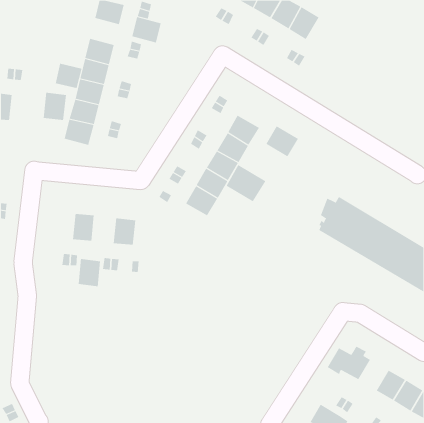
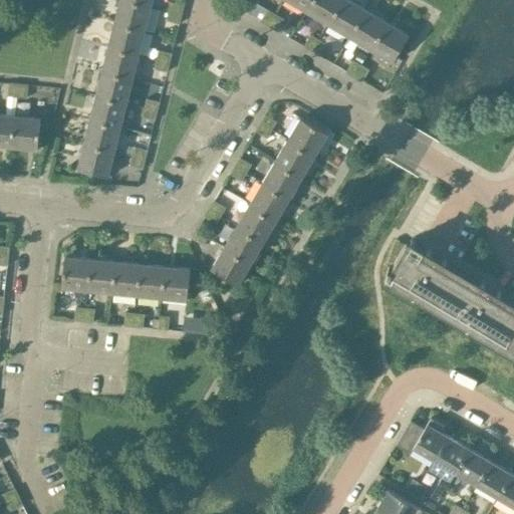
building: [132,17,161,43] -> [108,24,145,56]
building: none -> [370,23,409,63]
building: [55,63,82,89] -> none
building: [43,92,67,121] -> [12,116,41,151]
building: [265,126,299,157] -> [287,118,327,157]
building: [226,164,266,202] -> none
building: none -> [211,248,251,285]
building: none -> [61,257,90,291]
building: none -> [162,268,190,301]
building: [78,259,101,287] -> [111,262,140,296]
building: none -> [428,437,470,484]

